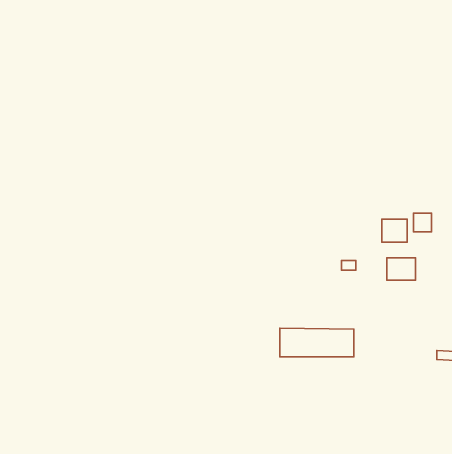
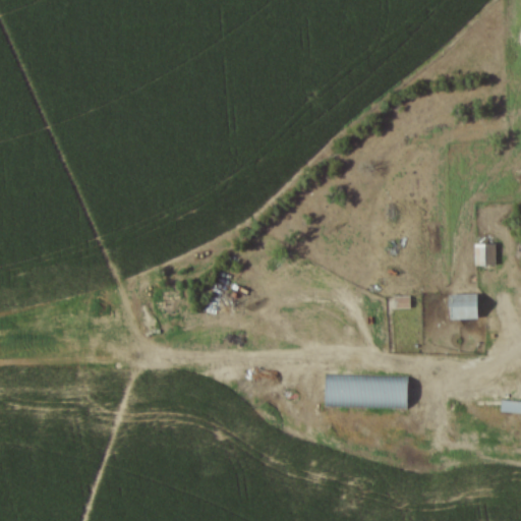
building: [382,219,407,242] -> none

